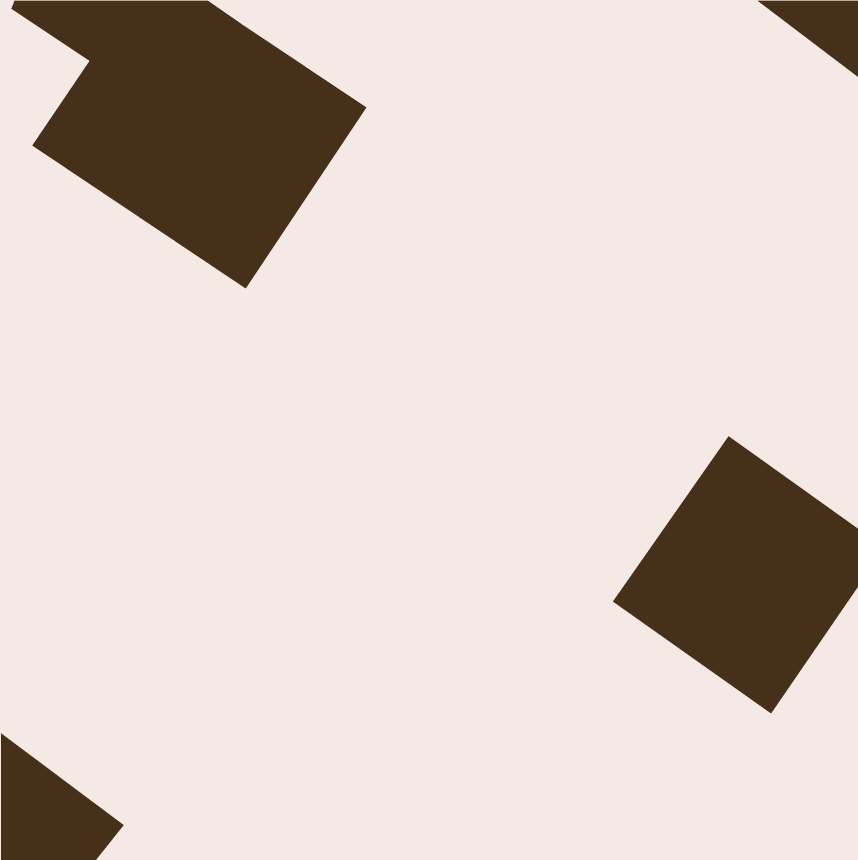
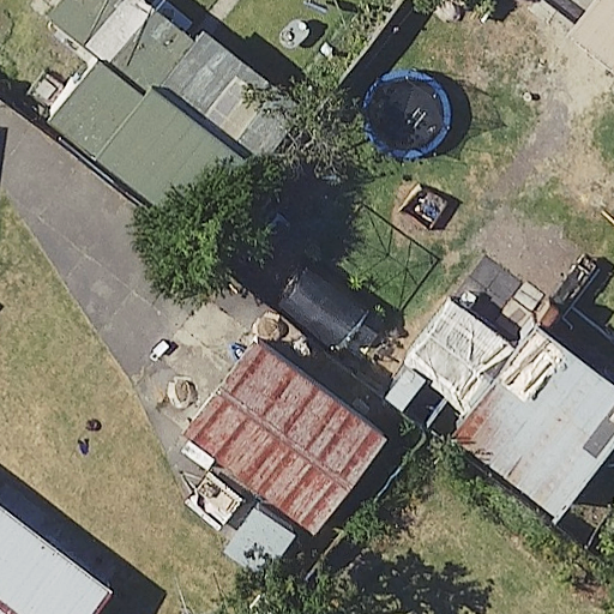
building: none -> [179,332,385,530]

